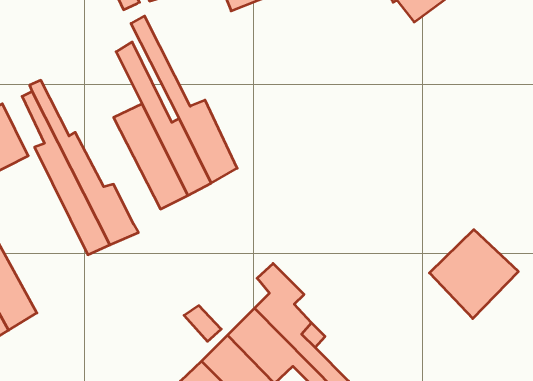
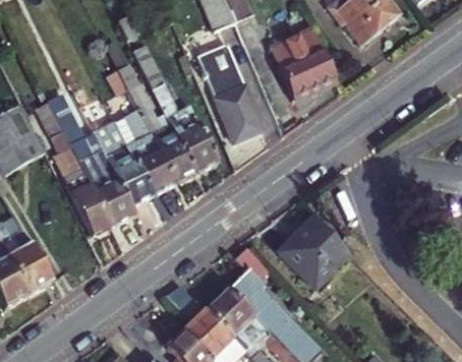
building: none -> [269,31,335,101]
building: none -> [195,47,259,144]
building: none -> [92,122,153,209]
building: [429,230,518,319] -> [281,212,354,285]

